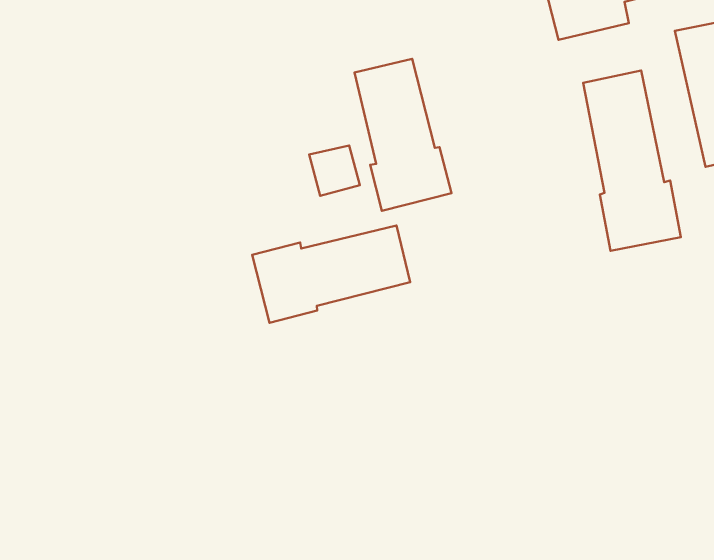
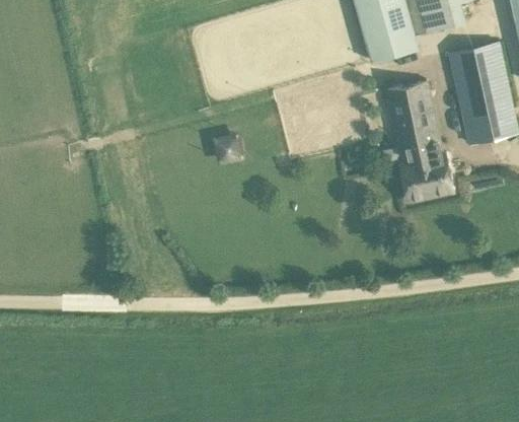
building: [354,59,452,211] -> none
building: [252,226,410,323] -> none

